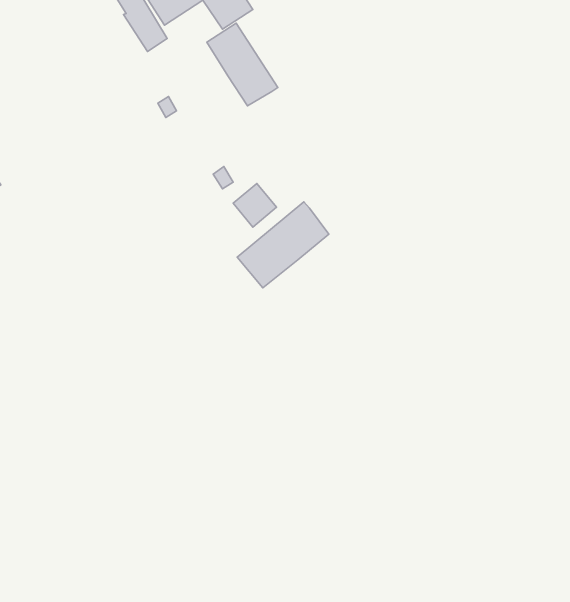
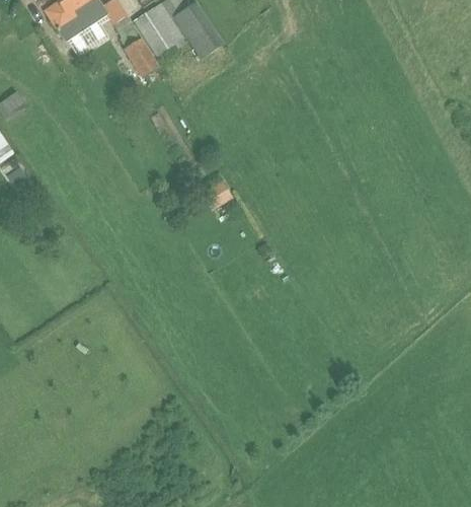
building: [207,23,278,106] -> none
building: [237,202,329,288] -> none

